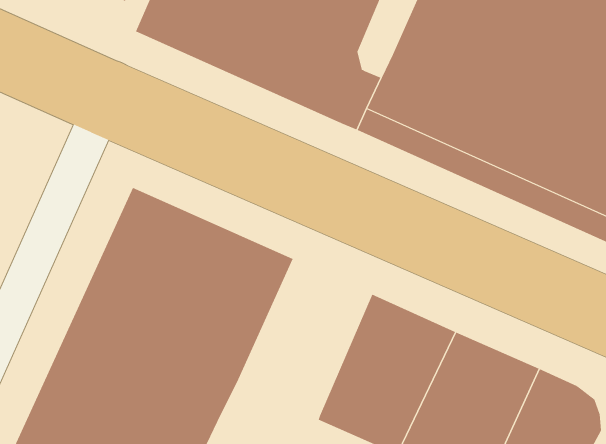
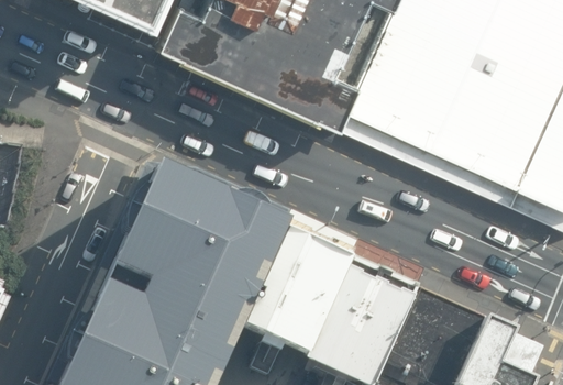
building: none -> [244,233,352,361]

